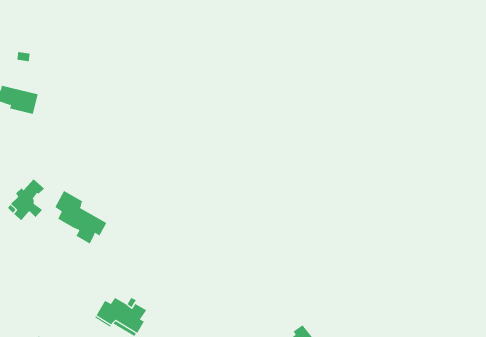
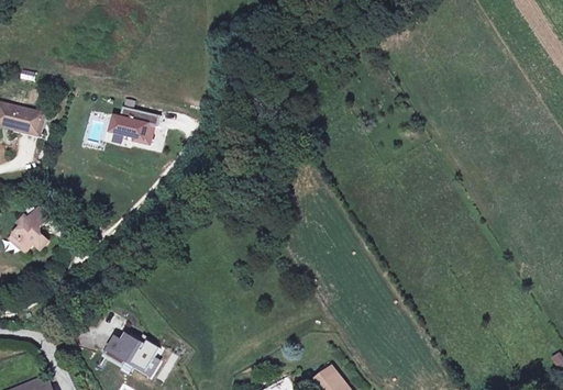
building: none -> [109,105,159,143]
building: [54,190,107,245] -> none

